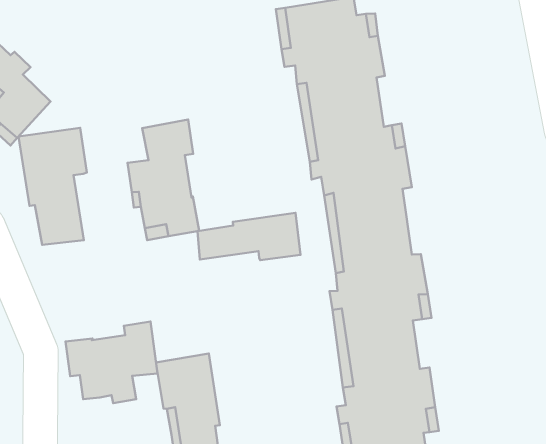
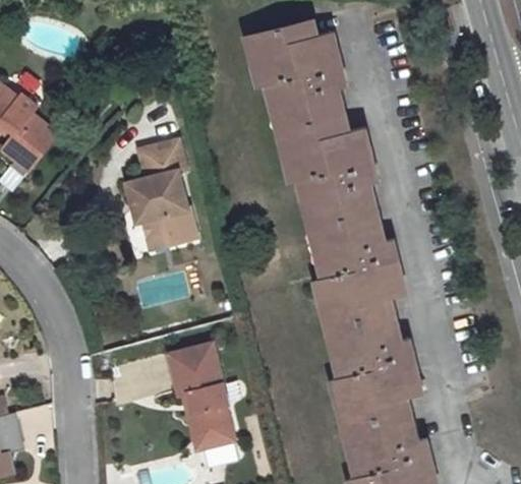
building: [18,128,87,245] -> none
building: [198,213,301,260] -> none
building: [65,322,157,403] -> none

